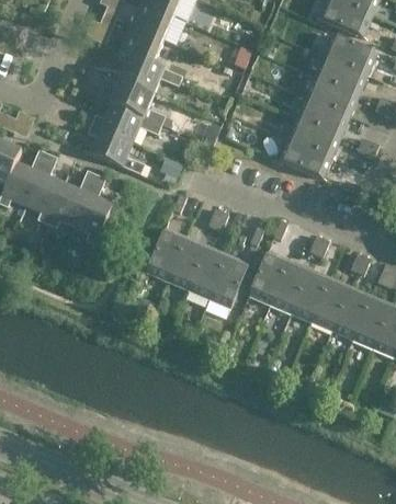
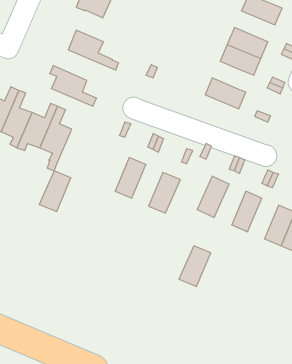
building: [120,54,182,93] -> none
building: [316,55,366,93] -> none
building: [91,103,161,141] -> none
building: [288,117,340,156] -> none
building: [146,228,185,278] -> [39,171,71,211]
building: [189,245,227,297] -> none
building: [249,251,288,301] -> none
building: [291,270,330,320] -> [179,246,211,286]
building: [332,287,371,337] -> none

